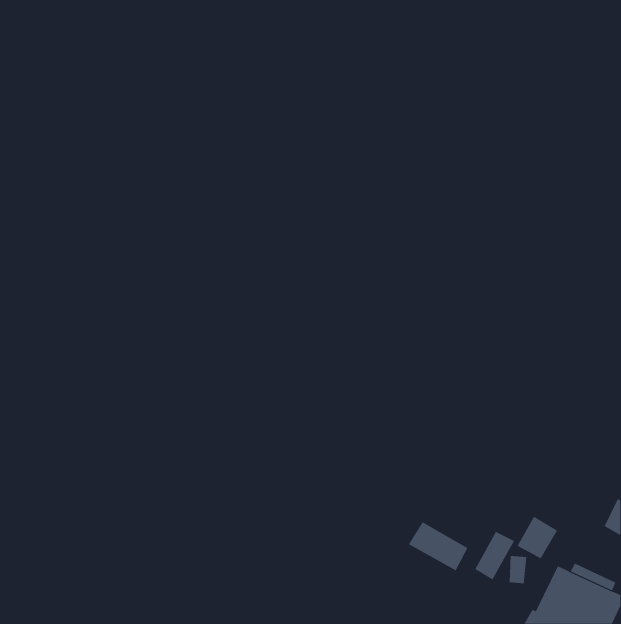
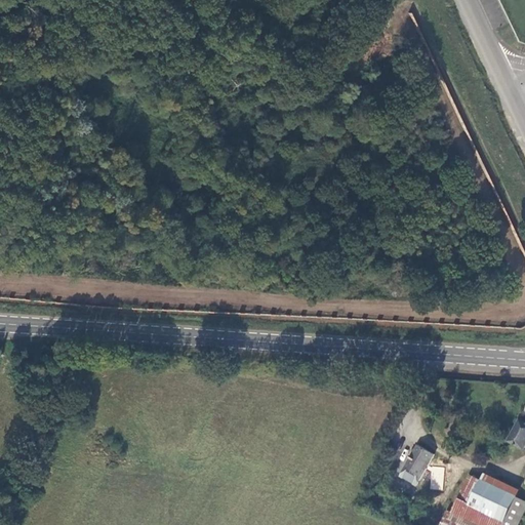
building: [517,516,558,559] -> none
building: [408,521,468,571] -> none

